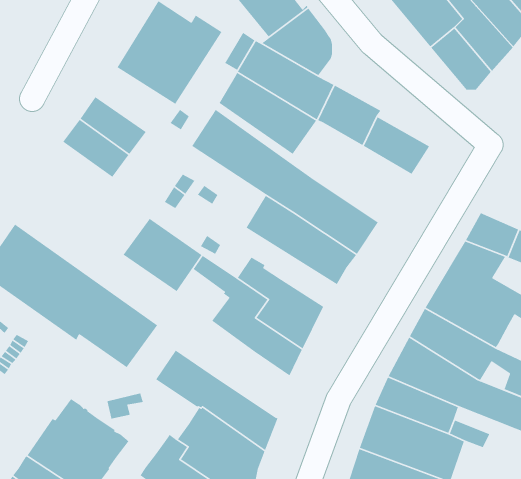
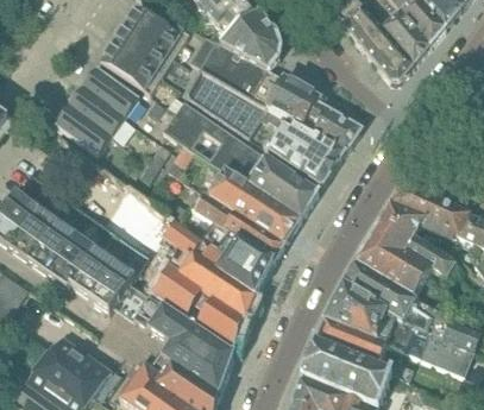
building: none -> [82,67,138,115]
building: none -> [262,108,345,184]
building: none -> [193,191,283,260]
building: none -> [151,266,244,348]

